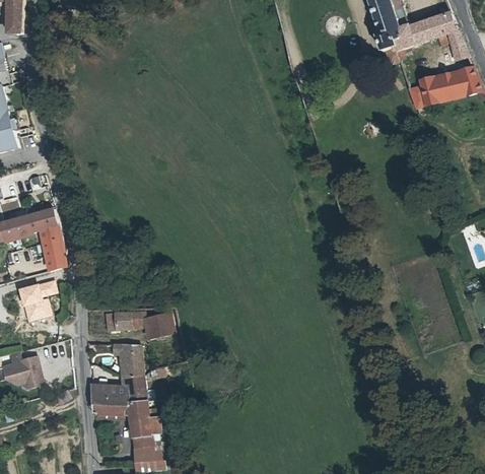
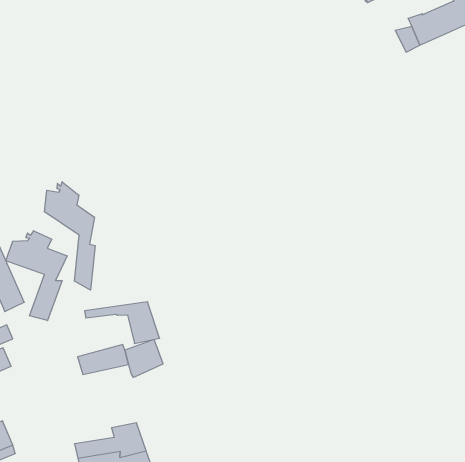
building: none -> [45,182,95,290]
building: none -> [6,231,67,321]
building: [86,343,144,377] -> [85,302,160,344]

